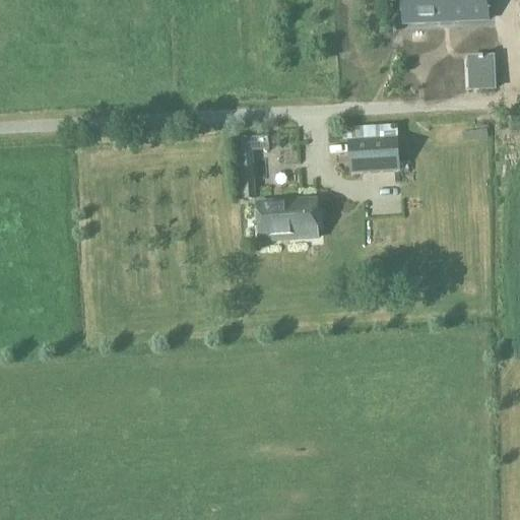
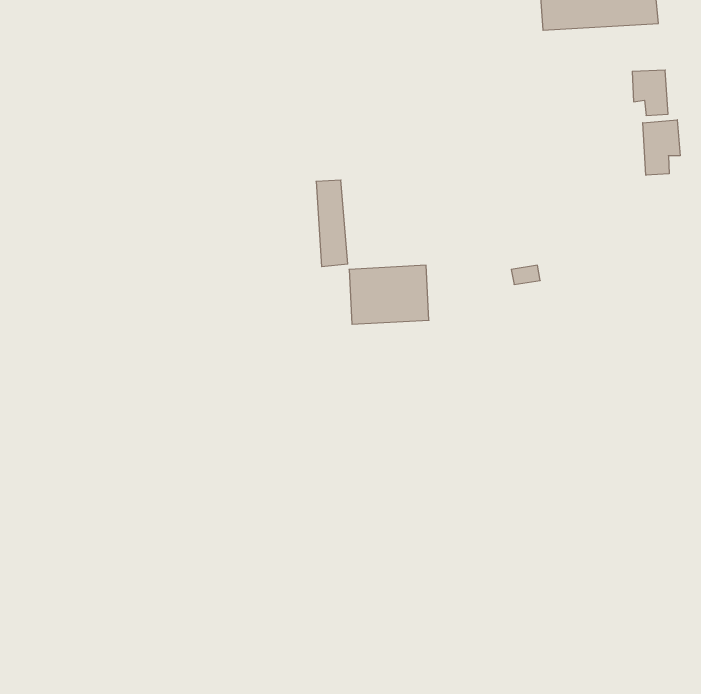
building: none -> [643,120,680,175]
building: [349,134,401,172] -> none

